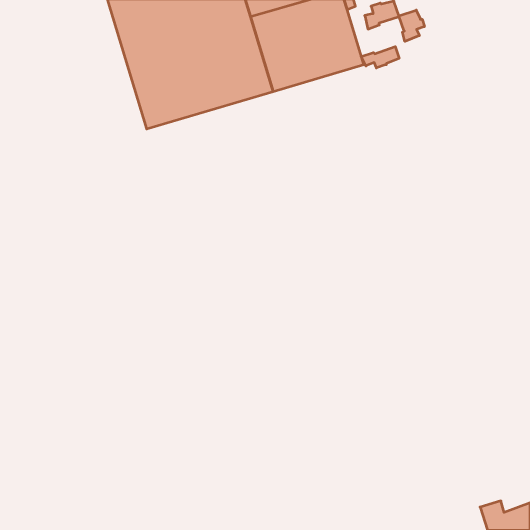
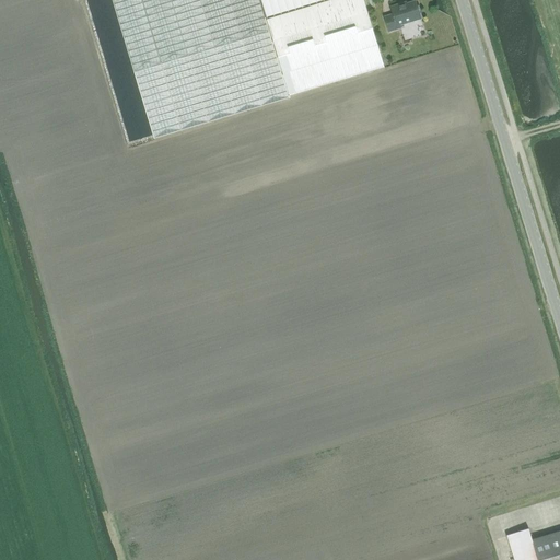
building: [399,10,424,41] -> none
building: [361,47,399,68] -> none

